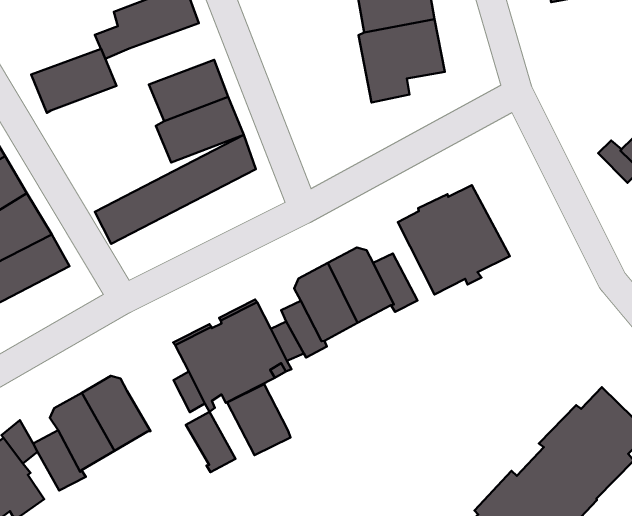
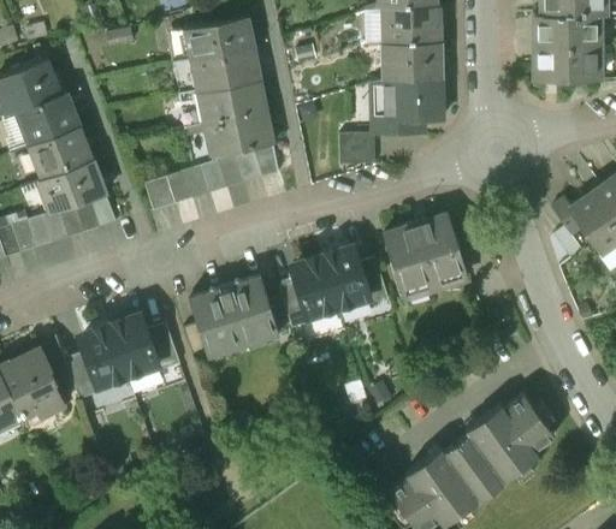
building: [31,49,116,113] -> [194,48,260,91]
building: none -> [339,132,375,164]
building: [227,384,291,455] -> none
building: [186,412,236,472] -> [146,323,180,372]

